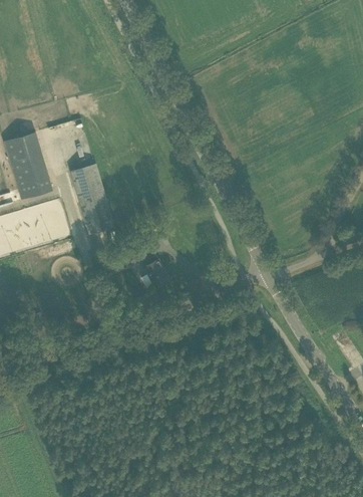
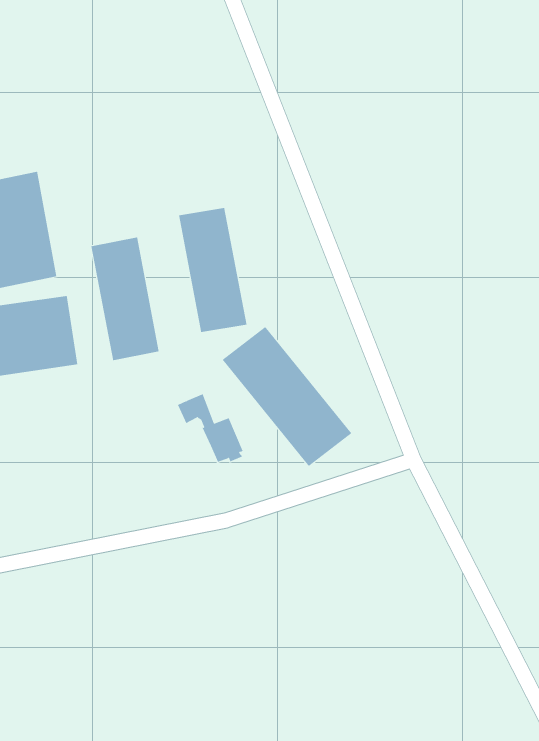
building: none -> [178,207,247,333]
building: none -> [222,326,352,467]

